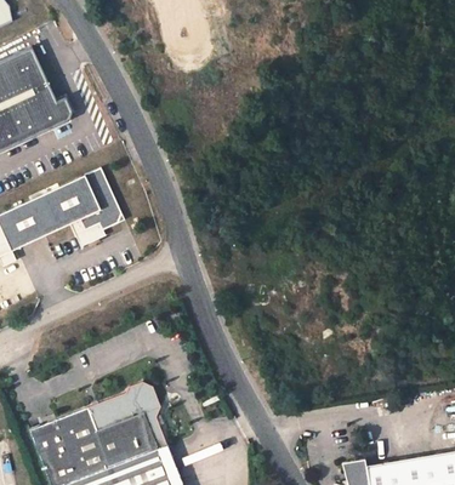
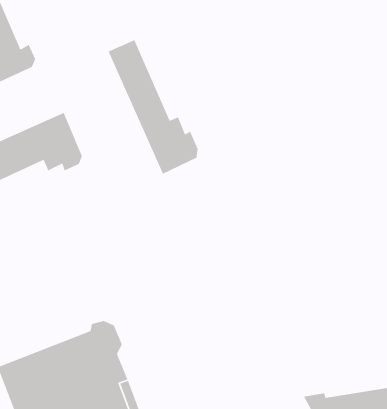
building: none -> [108,39,199,175]

